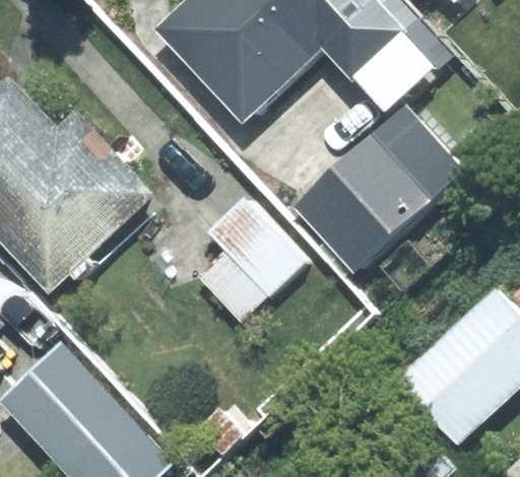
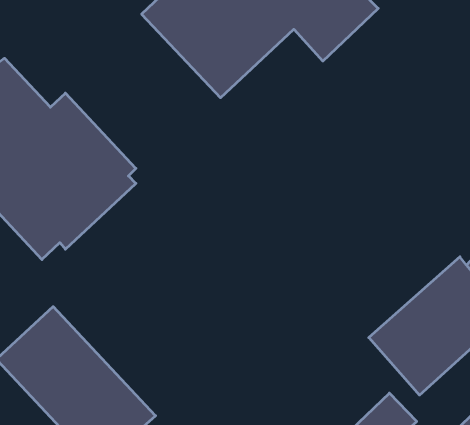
building: [294,107,462,271] -> none
building: [201,198,304,320] -> none

